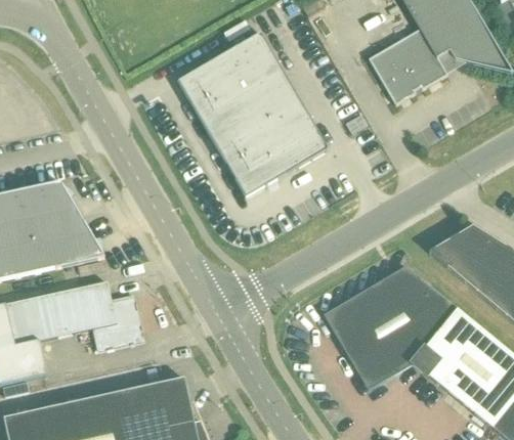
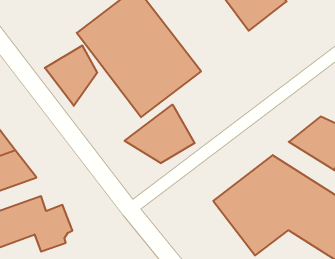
building: none -> [45,45,97,106]
building: none -> [125,105,195,163]

